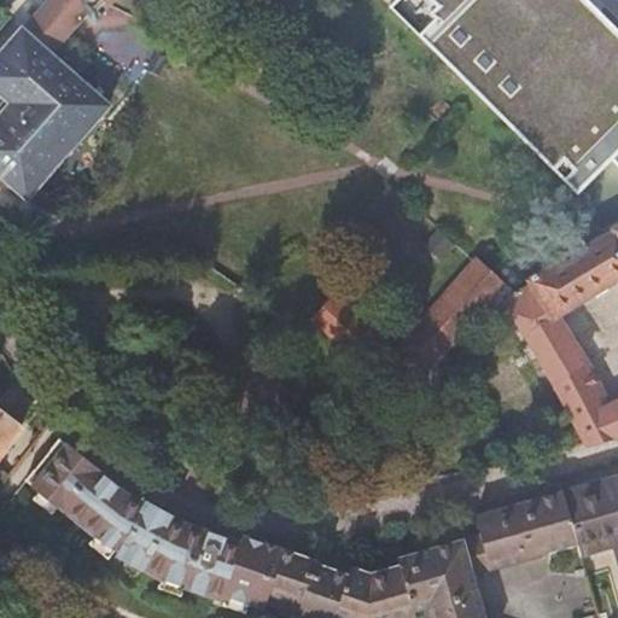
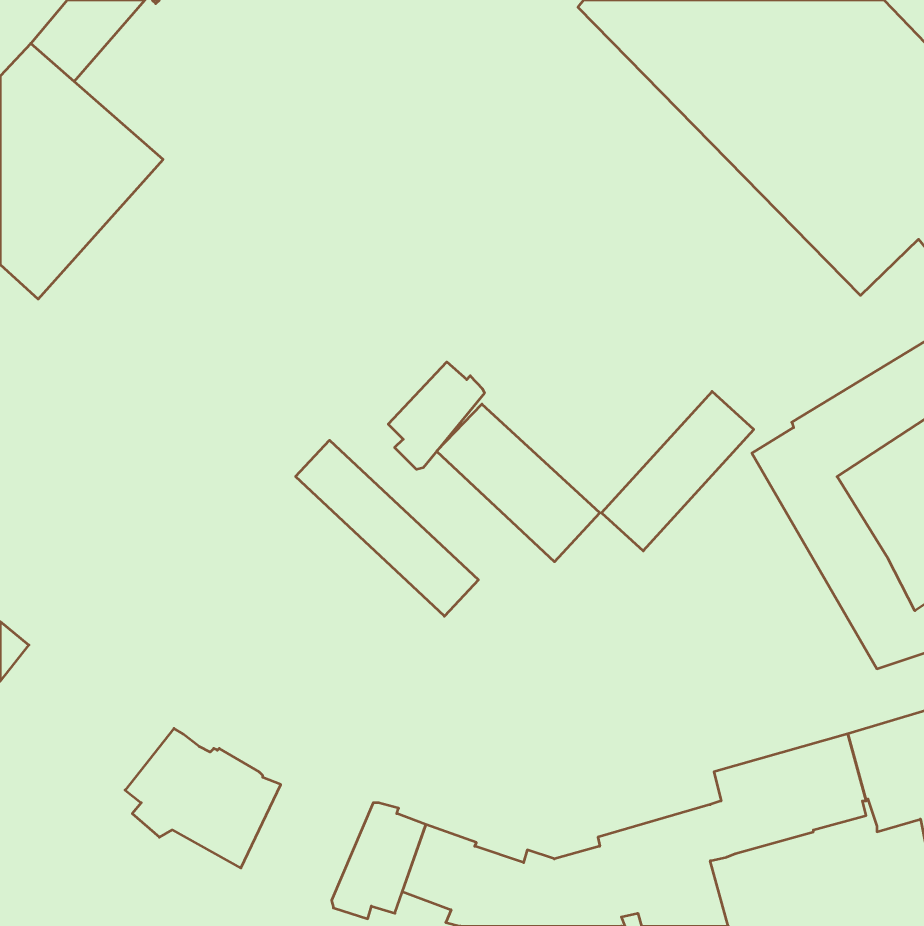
building: none -> [388,362,484,469]
building: none -> [296,440,478,616]
building: [25,437,117,526] -> none
building: [158,523,250,600] -> none

